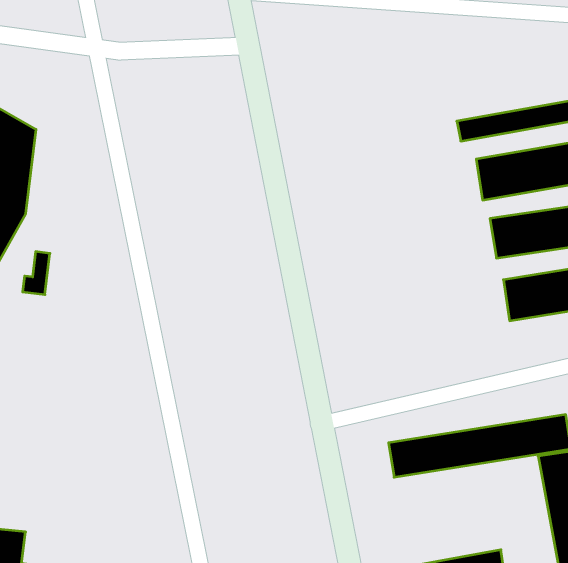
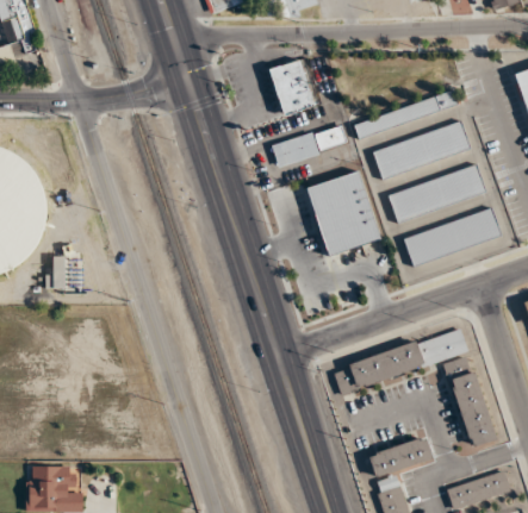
building: none -> [271,60,315,114]
building: none -> [271,125,347,164]
building: none -> [306,170,380,256]

